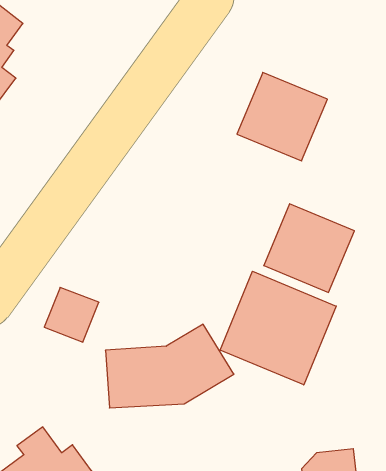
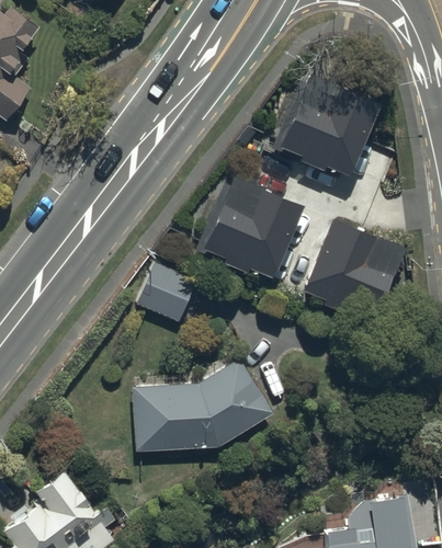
building: none -> [201,182,301,279]
building: [220,271,336,385] -> none
building: [44,287,99,342] -> [136,261,196,321]

